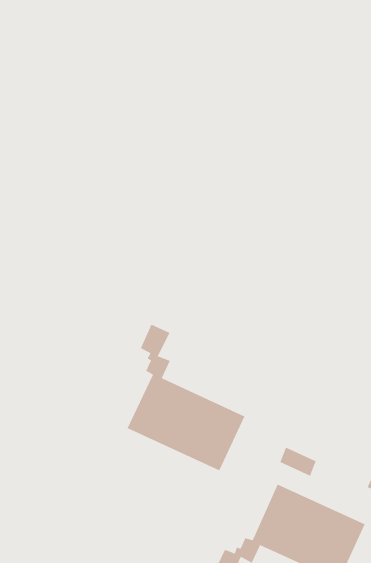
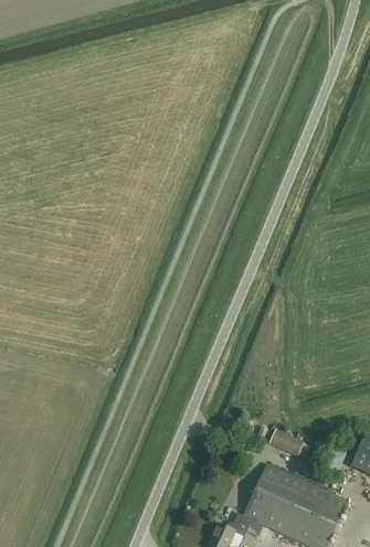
building: [127,324,245,471] -> none

